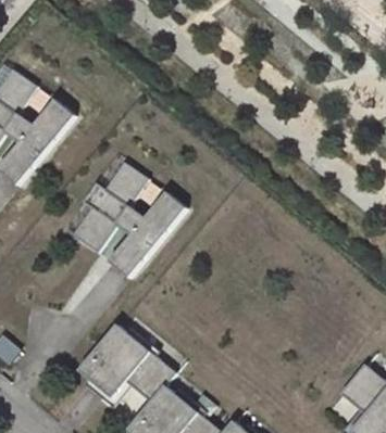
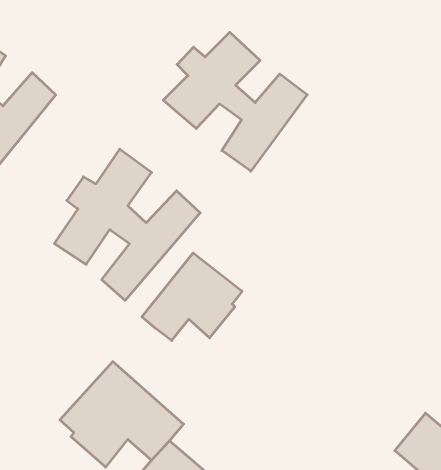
building: none -> [163,32,307,171]
building: none -> [142,253,242,341]

